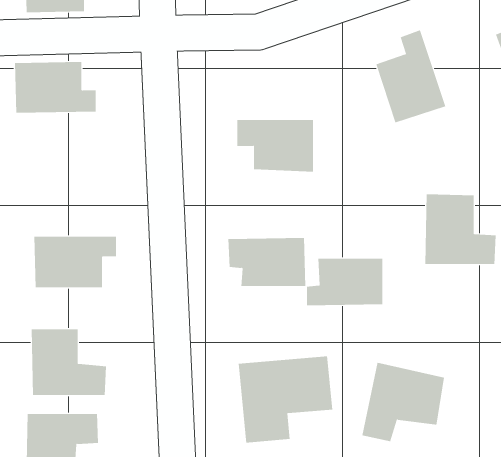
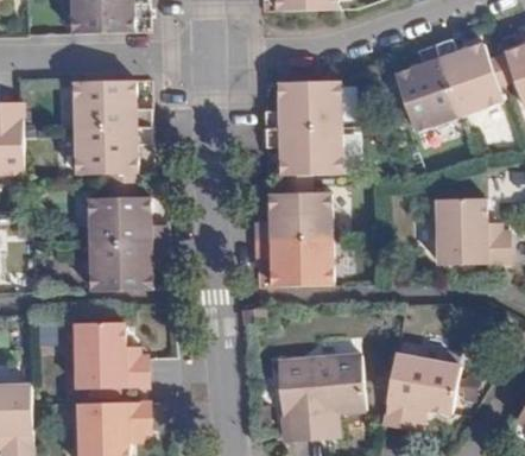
building: none -> [437,40,499,118]
building: none -> [266,82,339,129]
building: none -> [63,122,138,167]
building: none -> [80,191,157,238]
building: [306,258,383,306] -> [259,196,330,240]

